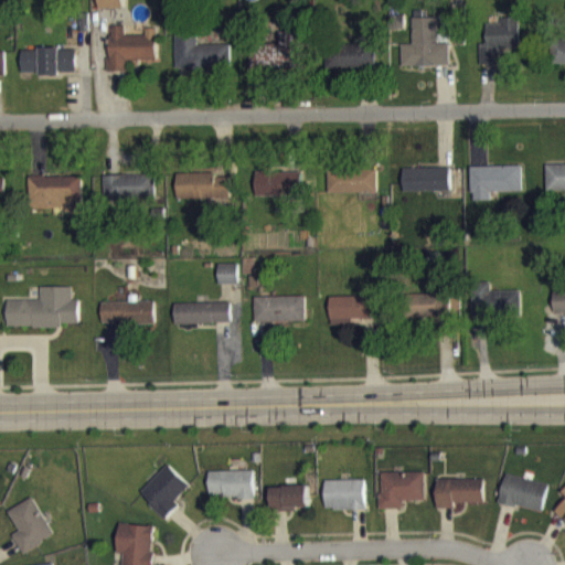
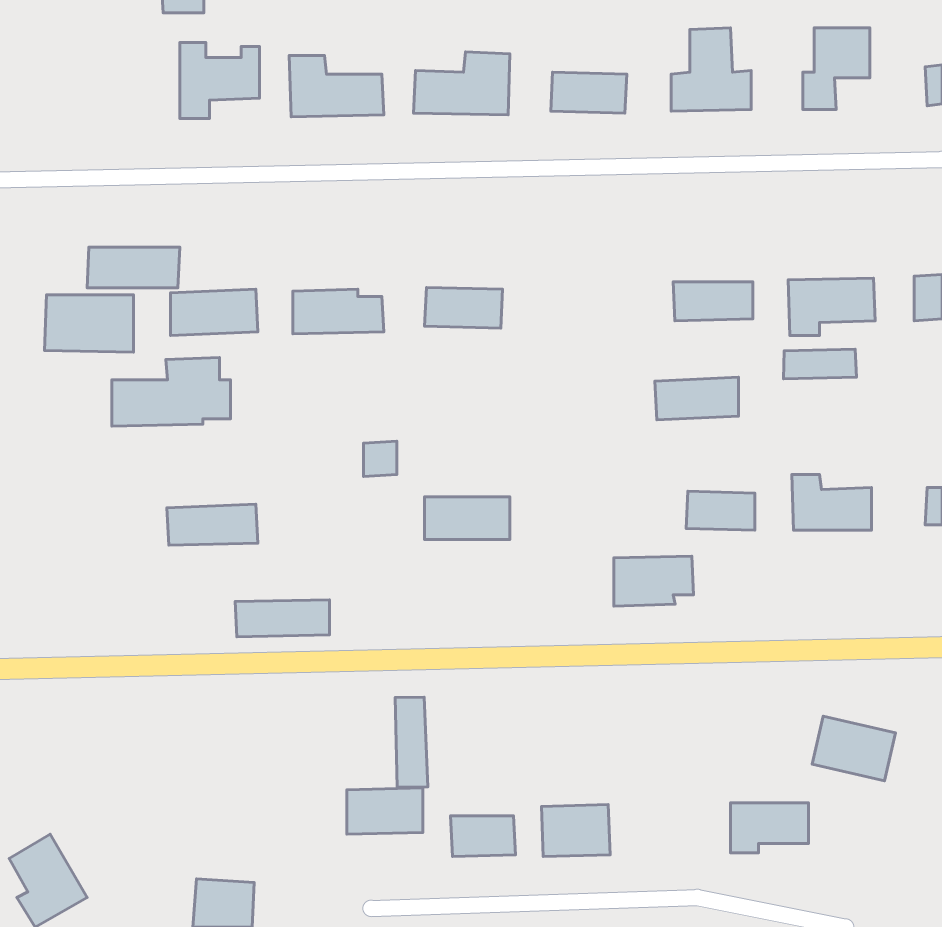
building: [19,49,74,73] -> [87,247,180,288]
building: [326,168,375,193] -> [655,377,738,420]
building: none -> [784,349,857,379]
building: [6,286,76,327] -> [112,358,231,426]
building: [328,295,375,324] -> [614,556,694,606]
building: [172,301,228,323] -> [235,600,330,637]
building: none -> [395,697,428,787]
building: [137,463,188,519] -> none
building: [377,471,423,509] -> none
building: [497,473,546,512] -> [812,716,896,781]

